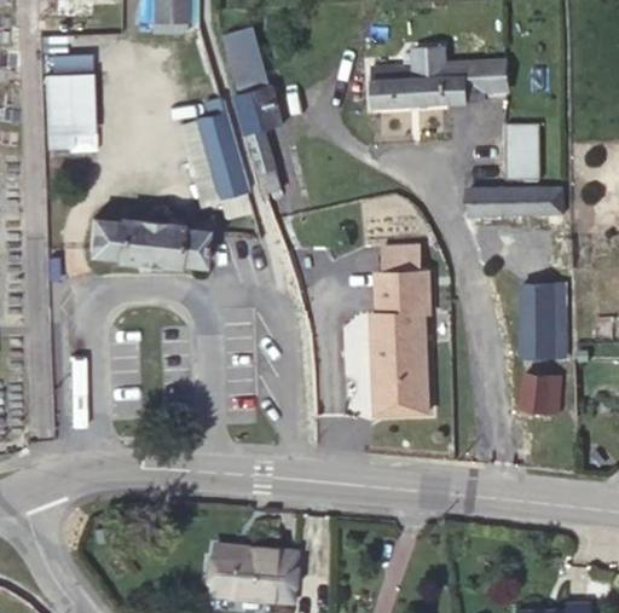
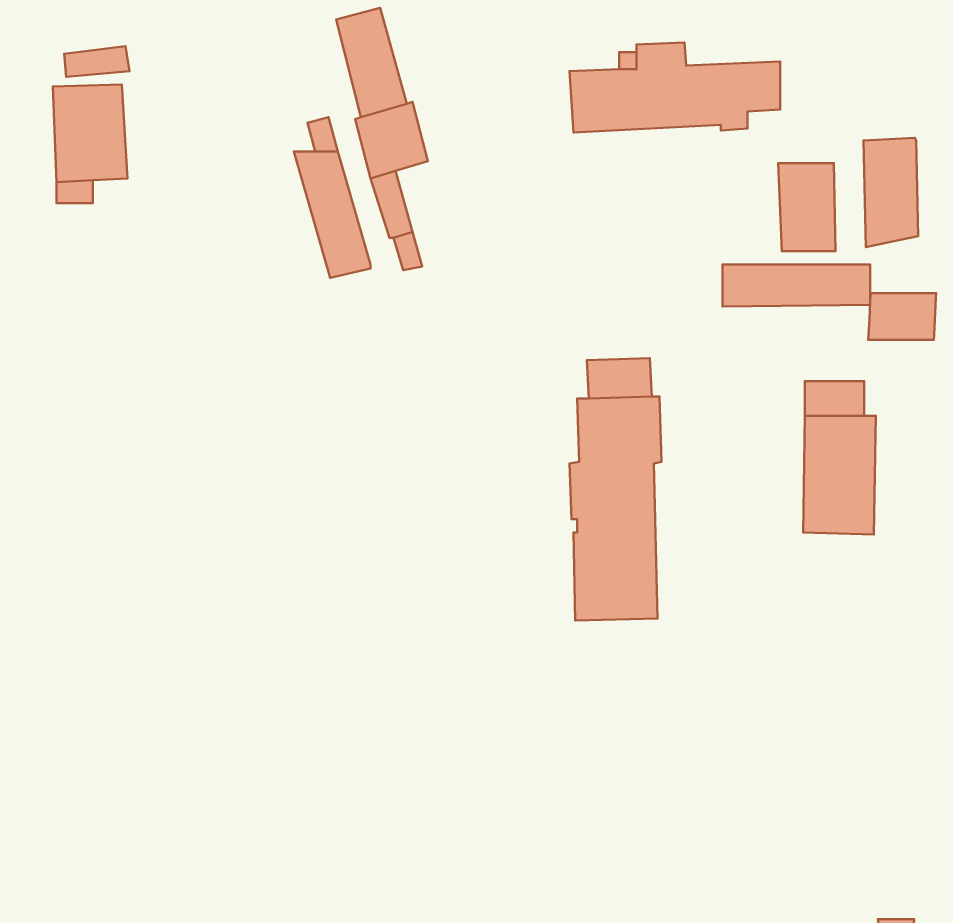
building: none -> [864,138,918,247]
building: none -> [868,293,936,340]
building: [88,218,204,271] -> none
building: [520,375,561,414] -> none
building: [212,549,293,598] -> none

